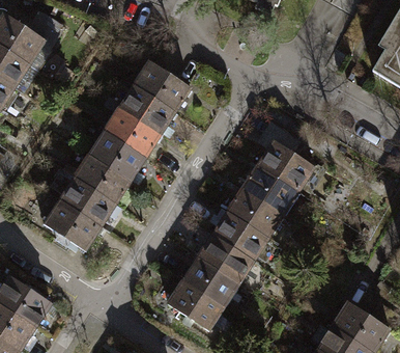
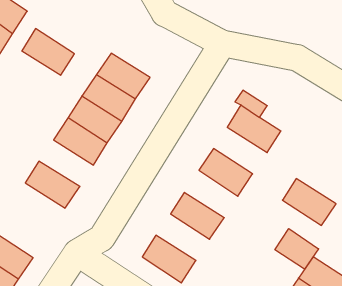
building: [134,61,190,111] -> [22,29,74,75]
building: [242,164,299,214] -> [282,179,336,225]
building: [57,178,115,227] -> none
building: [211,210,268,261] -> none
building: [181,256,238,306] -> none
building: none -> [275,229,319,269]

